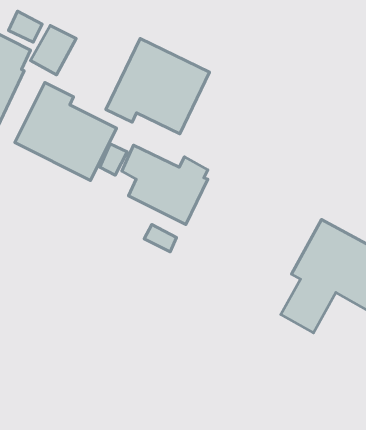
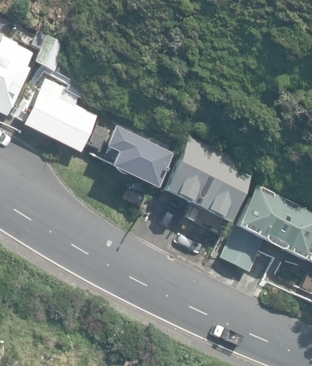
building: [106,39,210,134] -> none
building: none -> [164,134,257,221]

